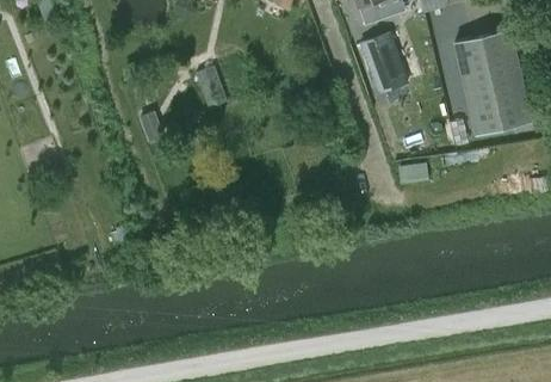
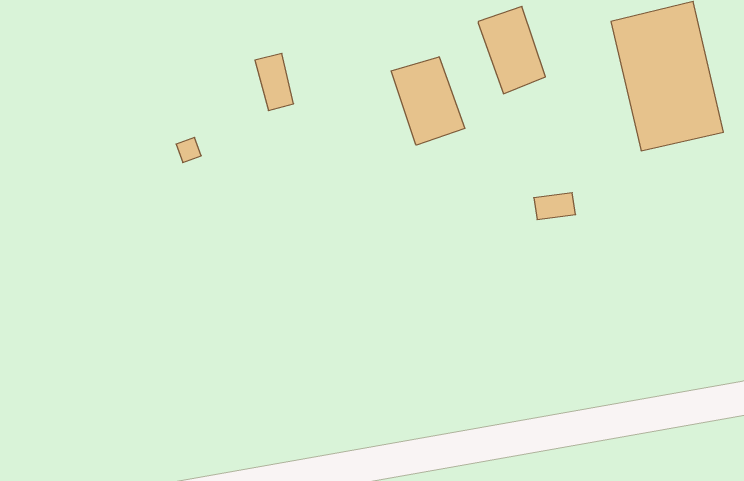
building: none -> [391,57,465,145]

